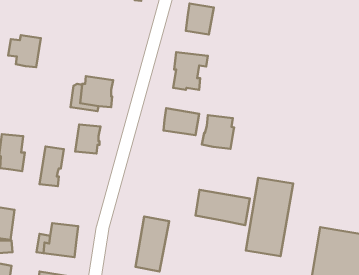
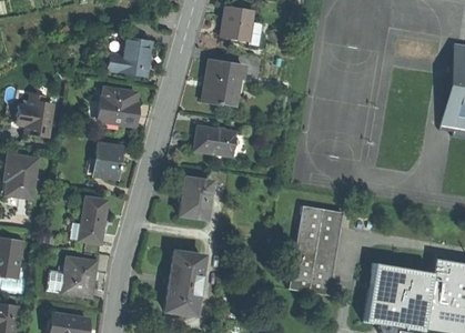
building: none -> [108,39,151,75]
building: [8,35,41,67] -> [17,100,54,137]
building: [202,115,234,149] -> none
building: [40,146,64,186] -> [80,196,108,242]
building: none -> [180,178,211,219]
building: [195,190,250,225] -> none

